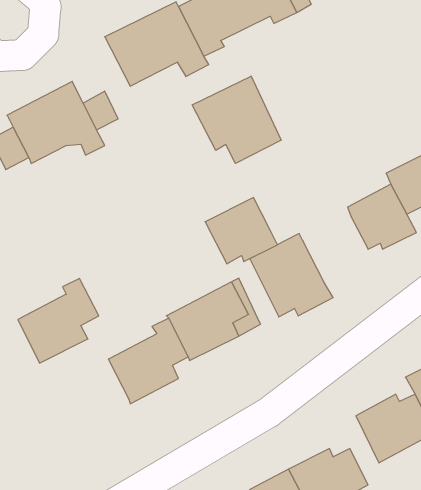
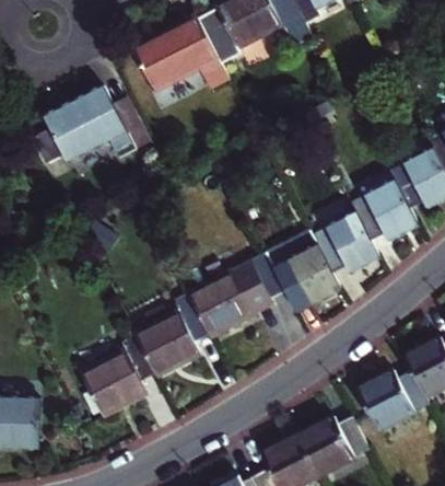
building: [192,76,281,163] -> none
building: [205,198,278,264] -> [313,208,378,268]
building: [18,278,99,363] -> [82,339,155,416]

